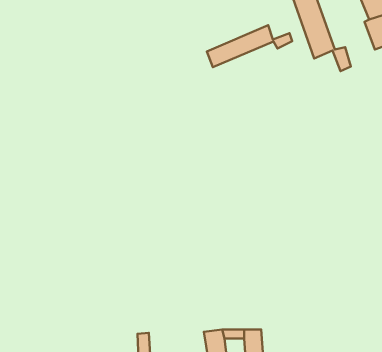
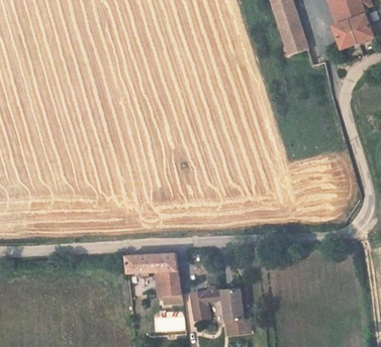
building: [207,25,292,67] -> none
building: none -> [128,253,182,297]

